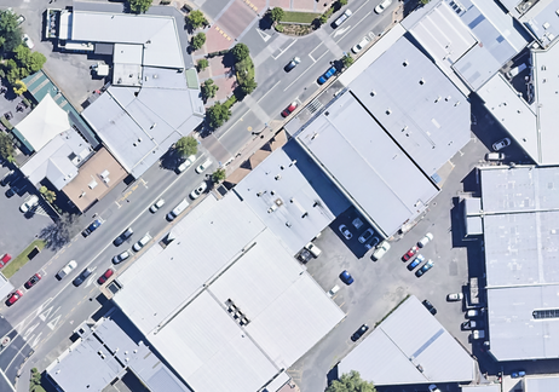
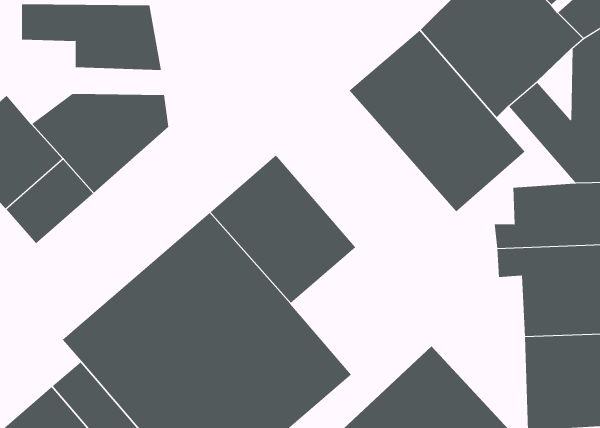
building: [113,63,190,86] -> none
building: [283,82,433,237] -> none

